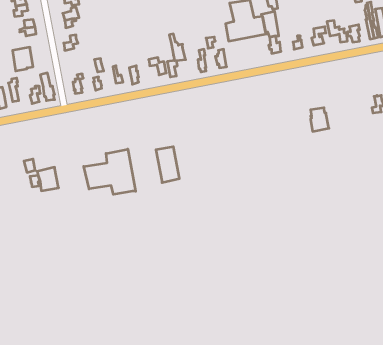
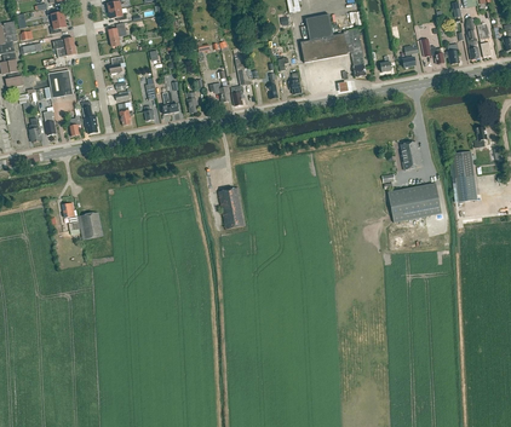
building: none -> [453,151,477,202]
building: none -> [387,183,442,223]
building: [84,149,136,194] -> none

